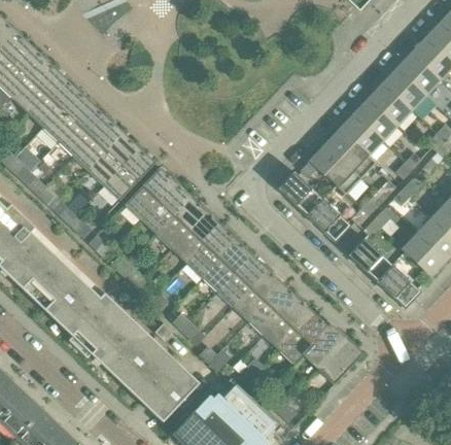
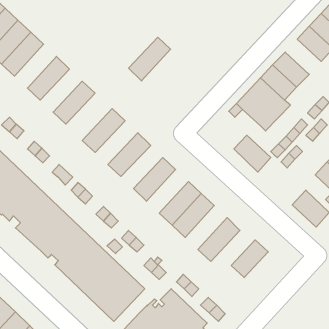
building: [368,83,411,126] -> none
building: [42,90,93,142] -> none
building: [73,119,124,171] -> none
building: [104,148,154,201] -> [129,37,171,81]
building: [277,172,321,215] -> none
building: [139,181,190,234] -> none
building: [170,211,220,263] -> none
building: [347,238,392,282] -> none
building: [201,240,251,293] -> none
building: [247,283,298,336] -> none
building: [278,313,332,365] -> none
building: [318,339,362,384] -> none

